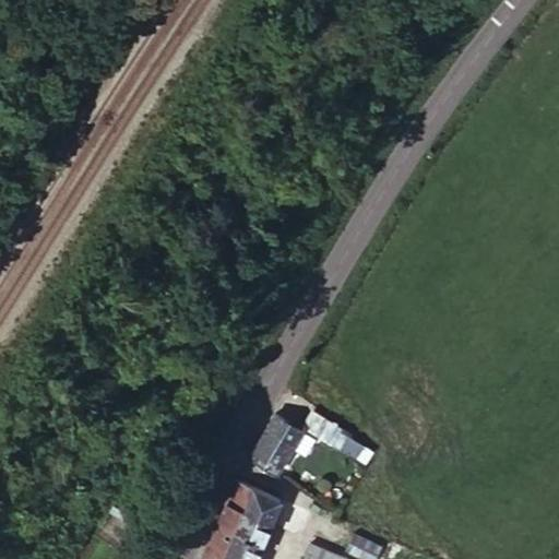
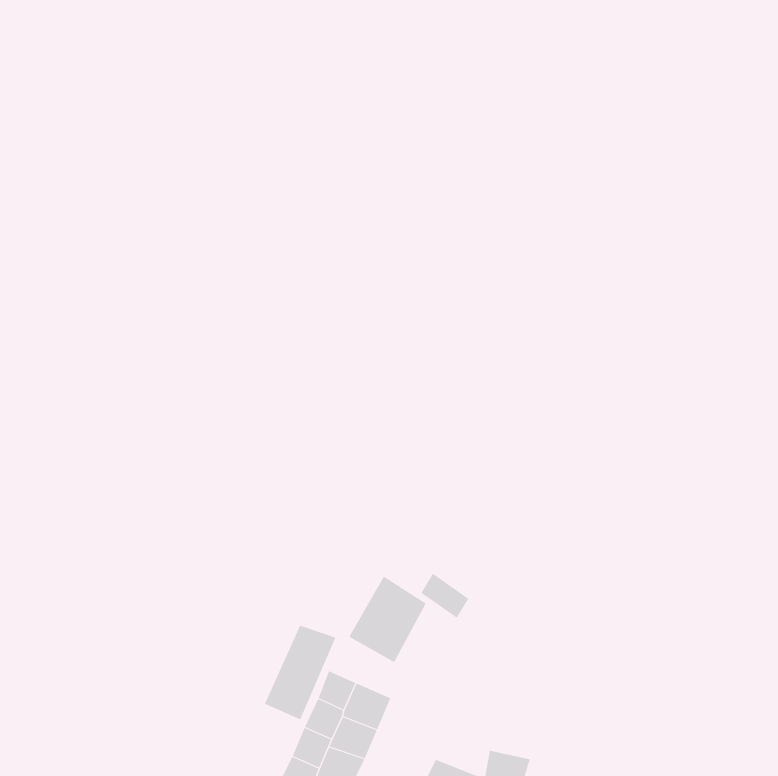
building: none -> [264,625,336,720]

